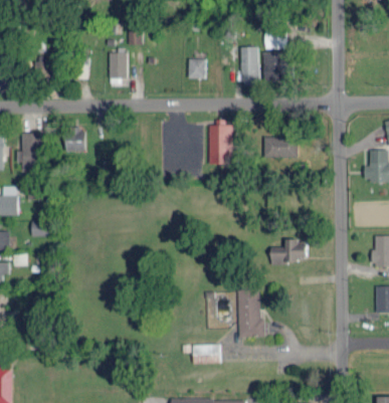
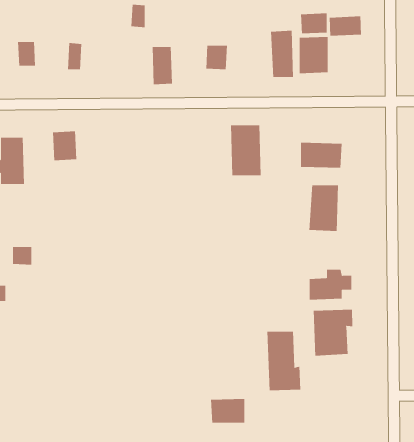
building: none -> [329,16,361,37]
building: [109,52,126,83] -> [152,46,173,85]
building: none -> [309,185,339,232]
building: none -> [313,309,353,357]

